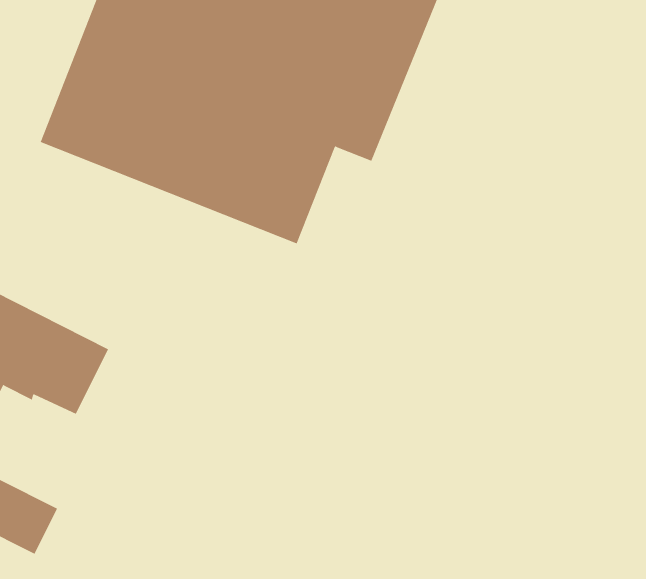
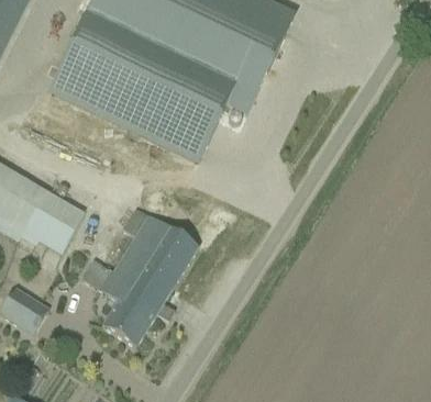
building: none -> [81,208,198,346]

